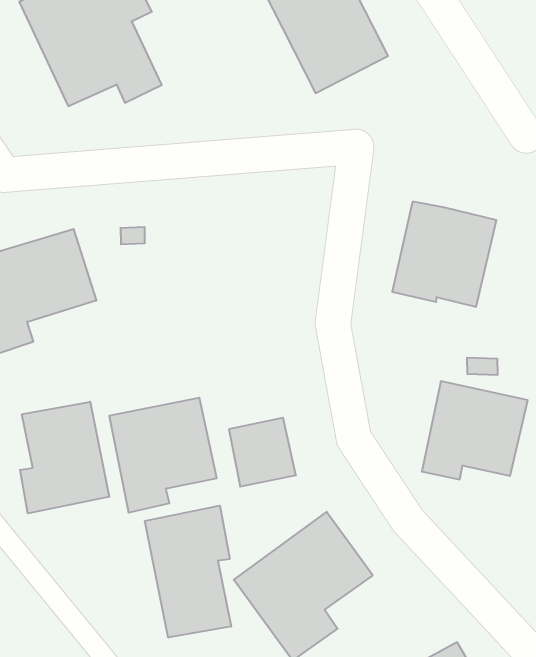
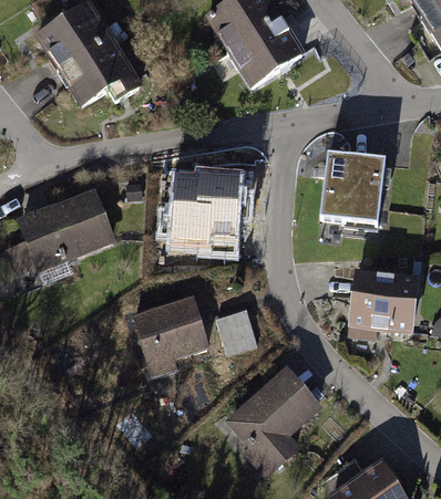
building: none -> [170,177,239,245]
building: [20,402,109,513] -> none
building: [145,506,231,638] -> none

